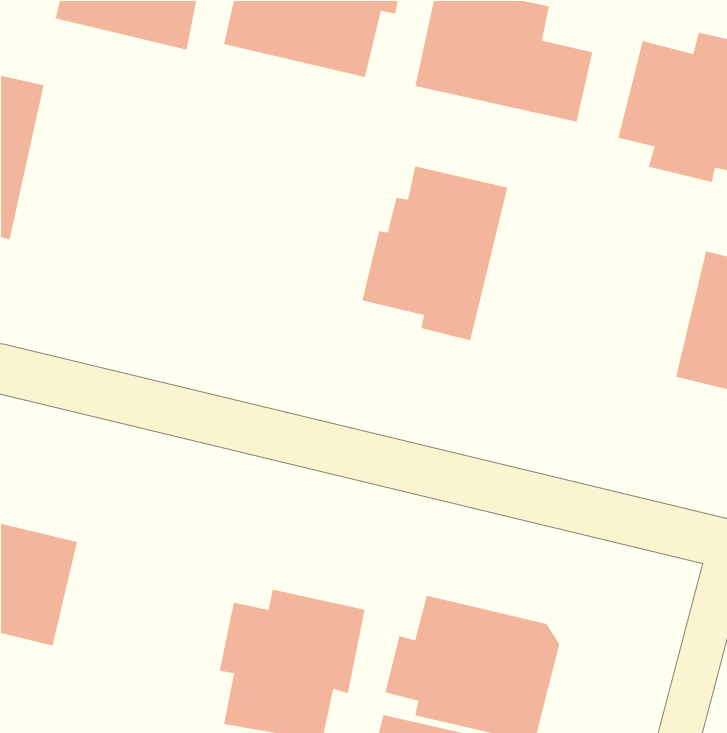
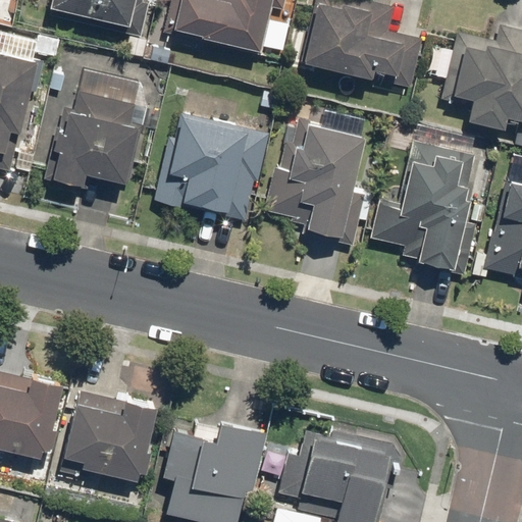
building: none -> [45,69,156,189]
building: none -> [155,112,271,223]
building: none -> [371,124,483,270]
building: none -> [58,389,157,482]

